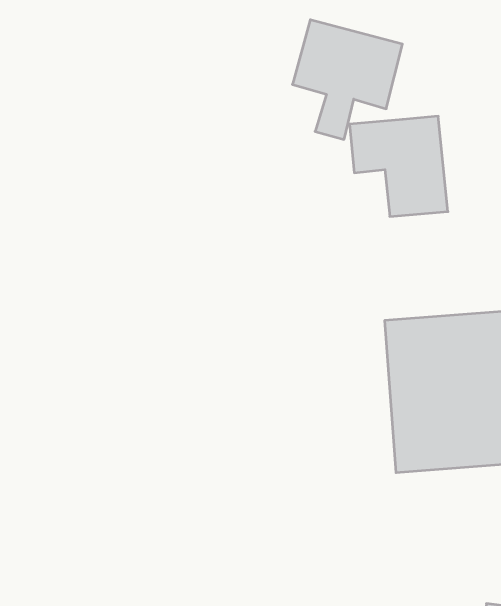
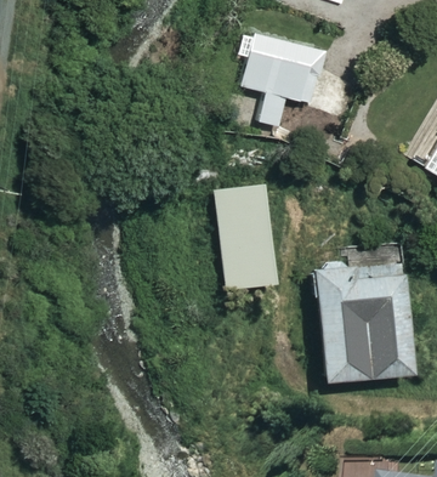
building: [349,116,448,216] -> [195,197,269,272]

